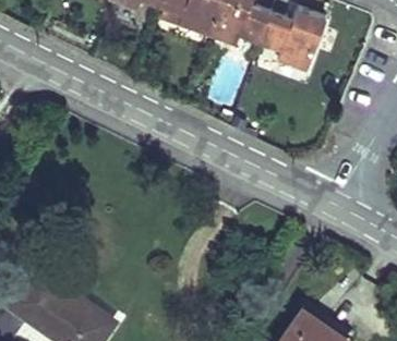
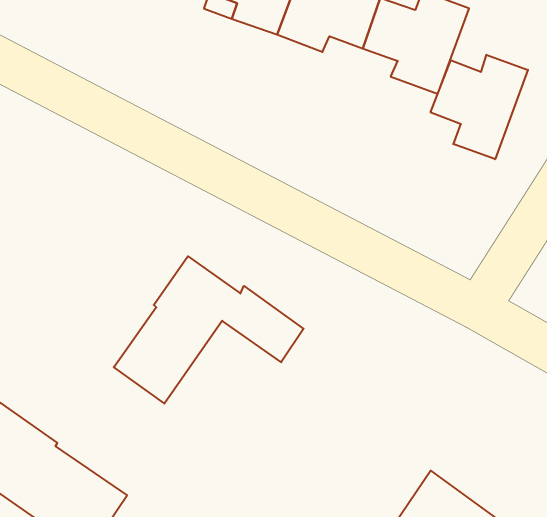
building: none -> [431,55,528,159]
building: none -> [114,256,304,404]

